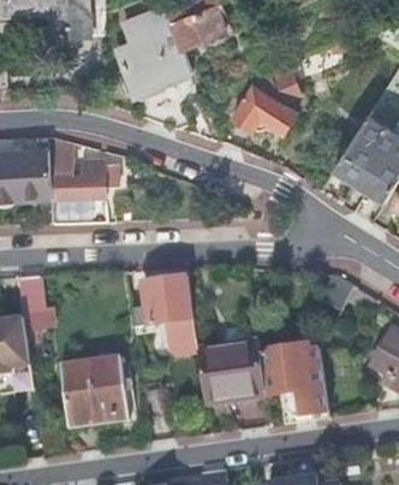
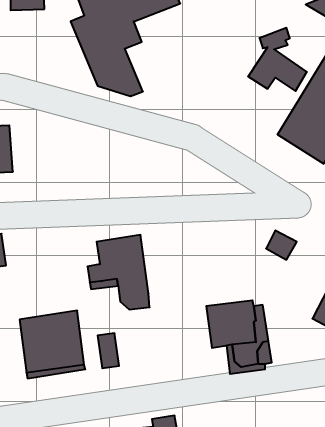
building: [232,65,294,132] -> [248,28,307,91]
building: [54,136,118,196] -> none
building: [197,331,264,404] -> none

